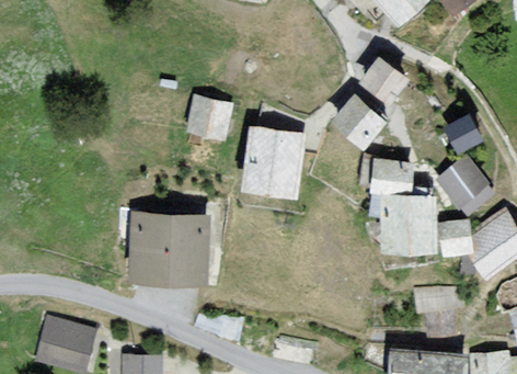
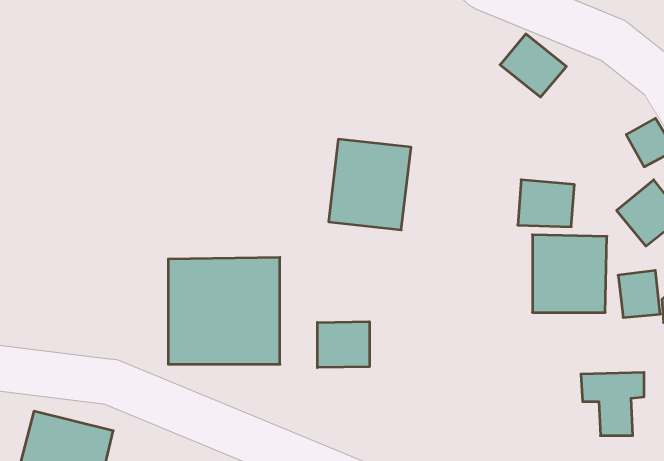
building: [188,98,233,140] -> none
building: [333,98,381,145] -> none
building: none -> [317,322,369,368]

